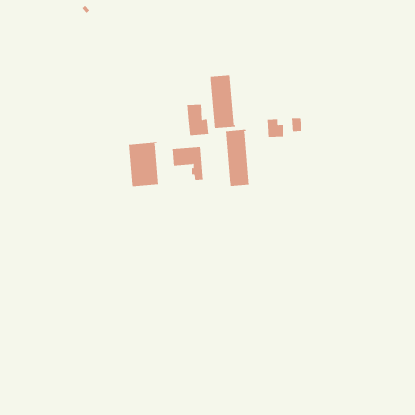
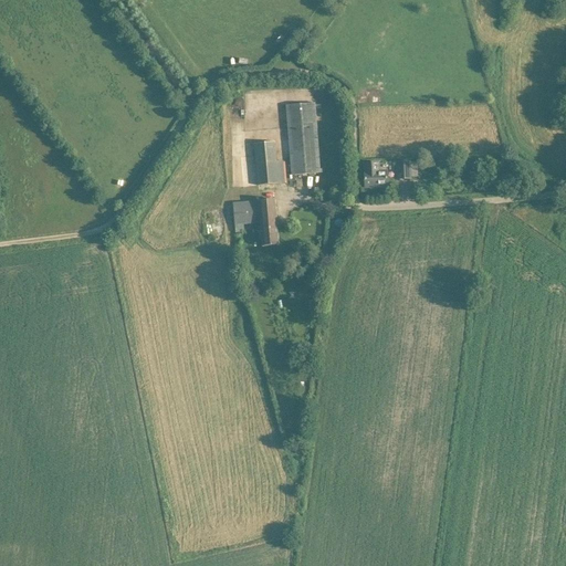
building: [226,129,249,187] -> none
building: [128,142,159,187] -> none

